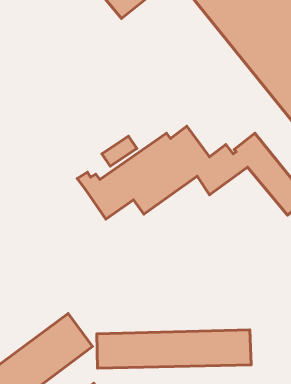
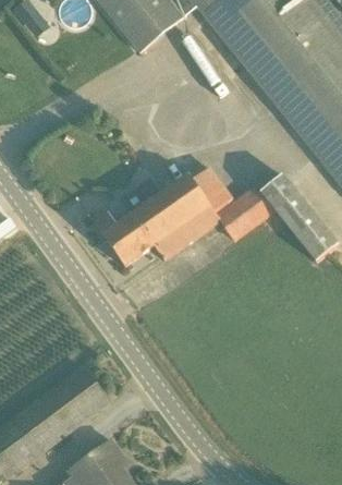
building: [97,330,251,368] -> none

